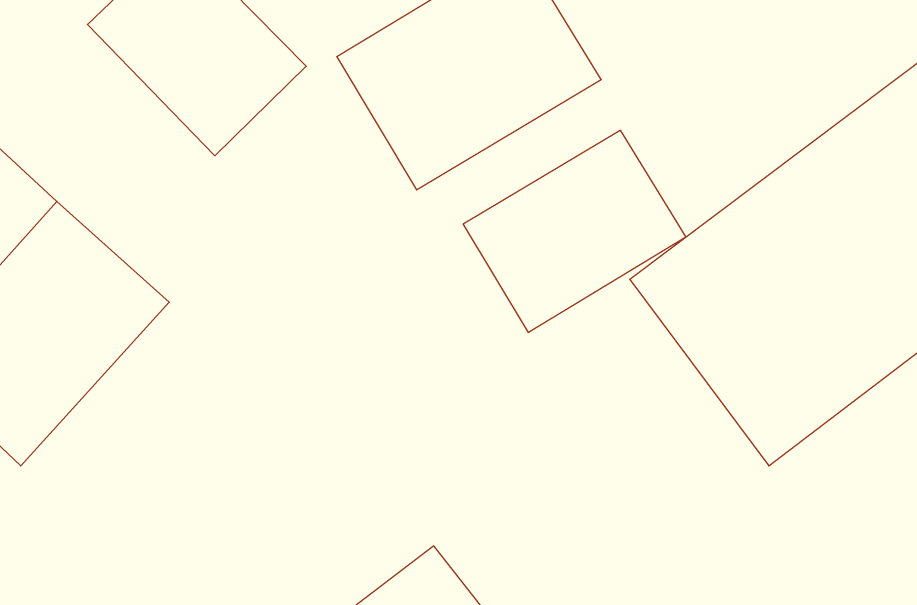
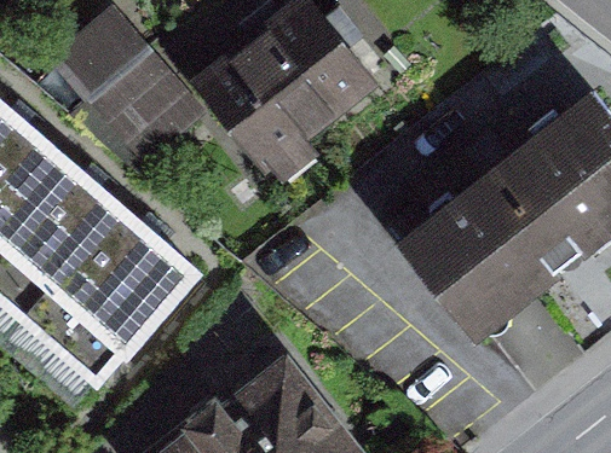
building: [463,130,686,333] -> none
building: none -> [18,226,184,394]

